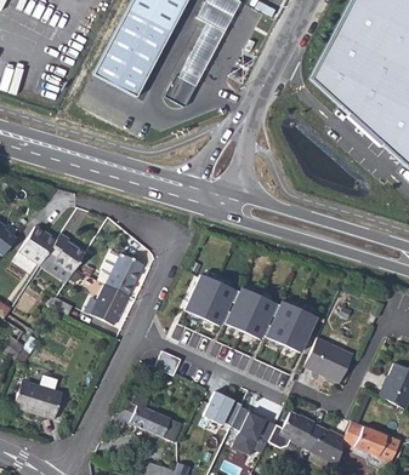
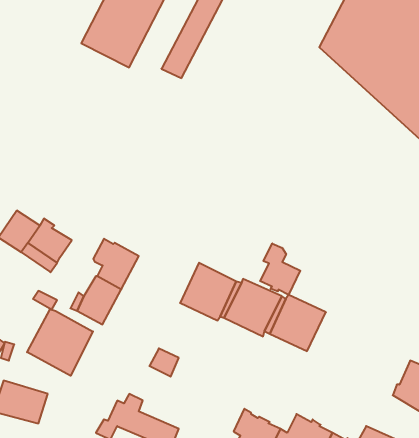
building: none -> [260,243,300,295]
building: none -> [27,309,93,376]
building: [303,337,352,383] -> none
building: [208,390,244,425] -> none

